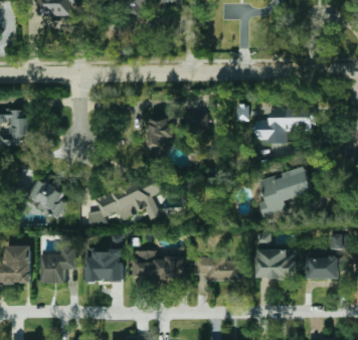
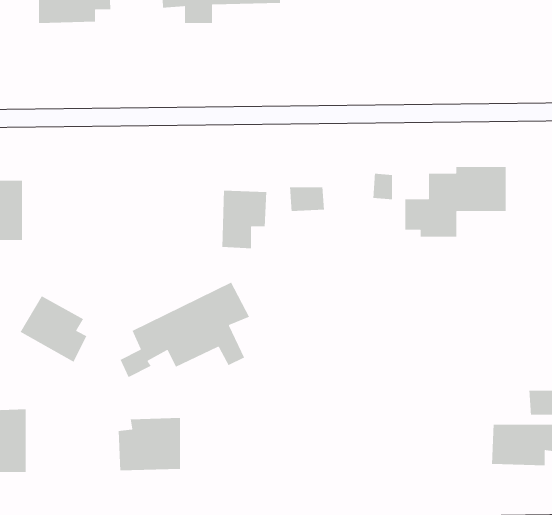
building: [257,167,312,216] -> none
building: [40,247,76,283] -> none
building: [255,248,297,279] -> none
building: [131,250,177,281] -> none
building: [193,258,243,281] -> none

